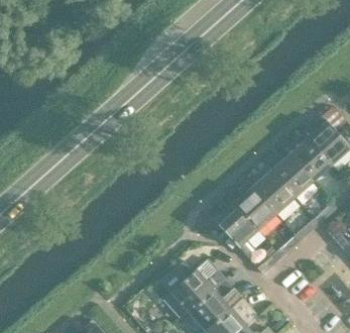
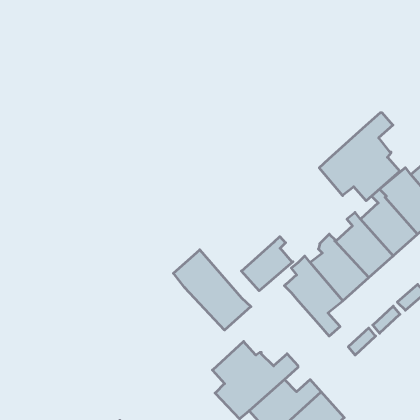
building: none -> [319,113,400,201]
building: none -> [241,237,293,291]
building: none -> [173,250,251,330]

